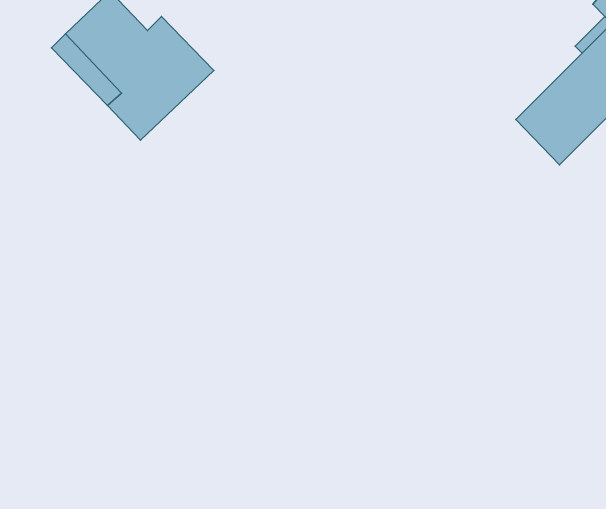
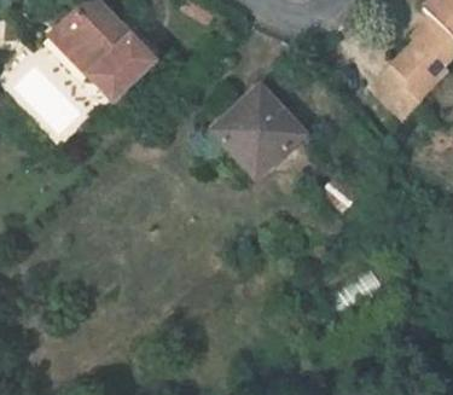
building: none -> [214,88,303,178]

